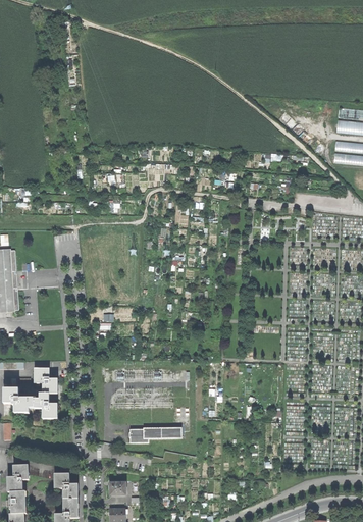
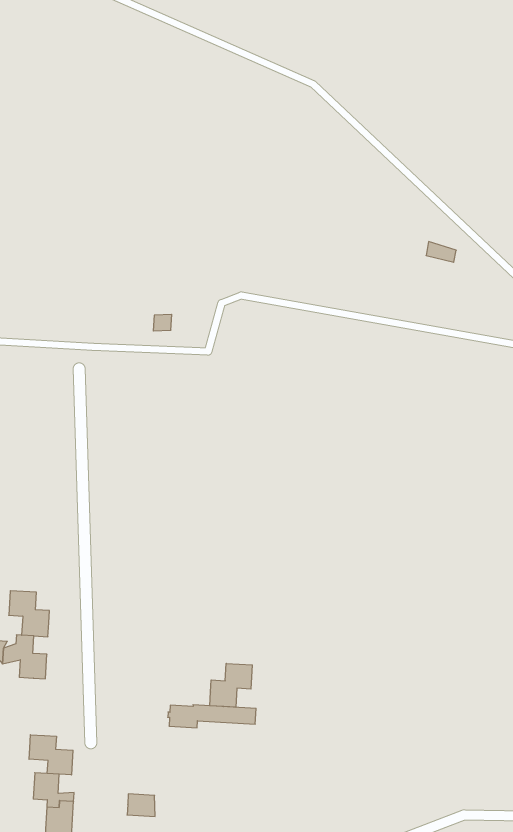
building: none -> [210,663,252,707]
building: none -> [29,735,73,775]

